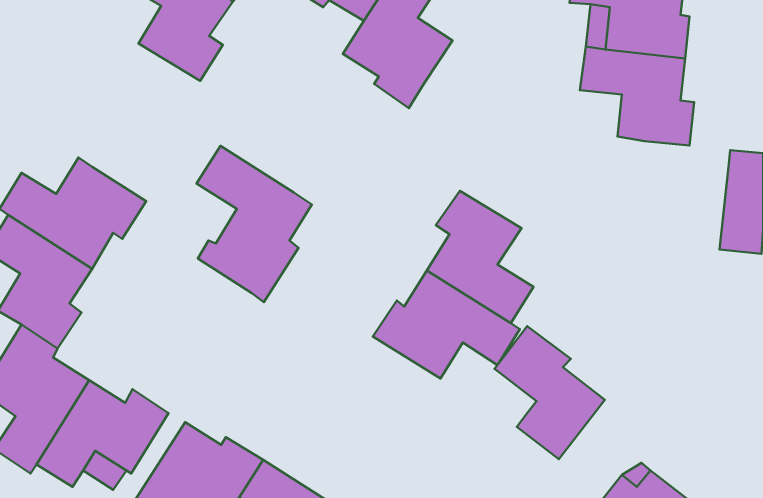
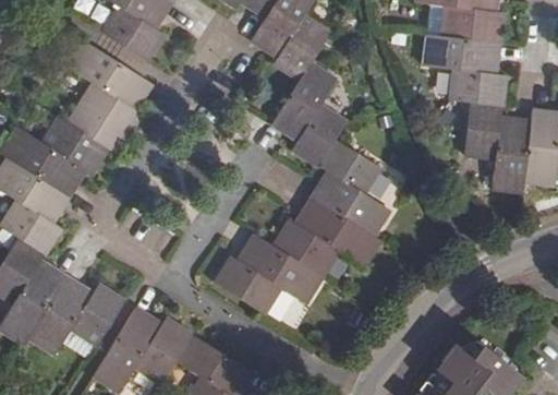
building: none -> [271,62,347,165]
building: none -> [464,104,531,193]
building: [196,146,312,302] -> [68,40,151,154]
building: none -> [215,234,322,313]
building: [495,326,605,459] -> none

